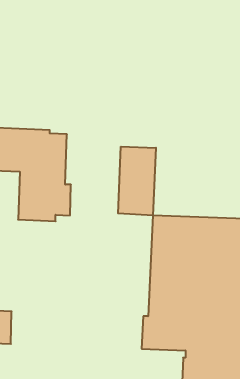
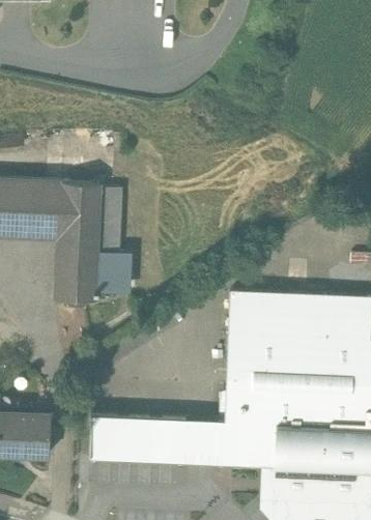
building: [118,147,156,215] -> none
building: none -> [90,416,219,463]

